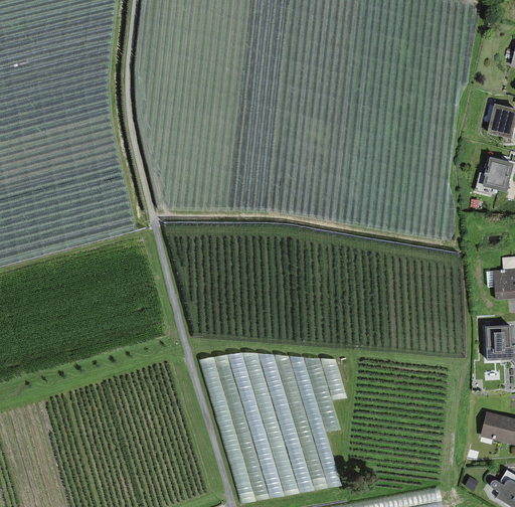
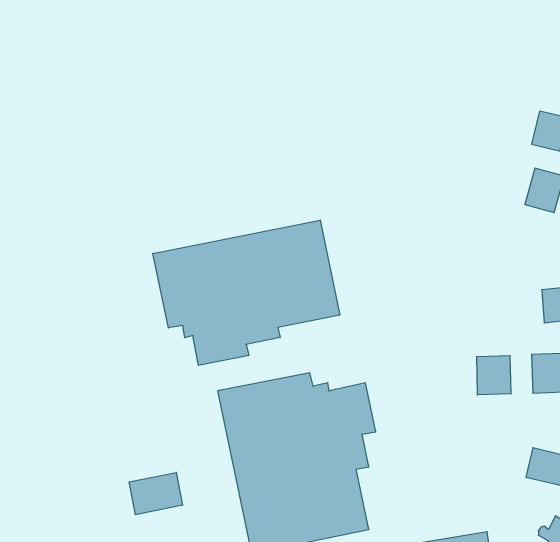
building: none -> [153,220,340,365]
building: none -> [477,355,511,395]
building: none -> [129,472,183,515]

